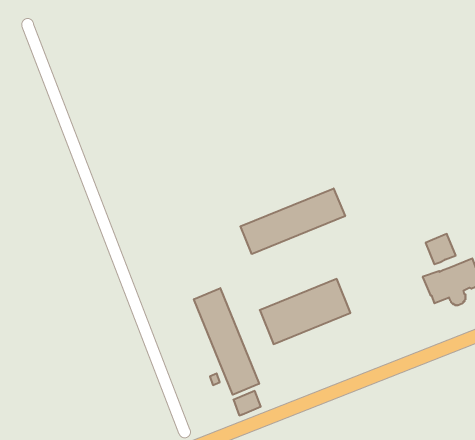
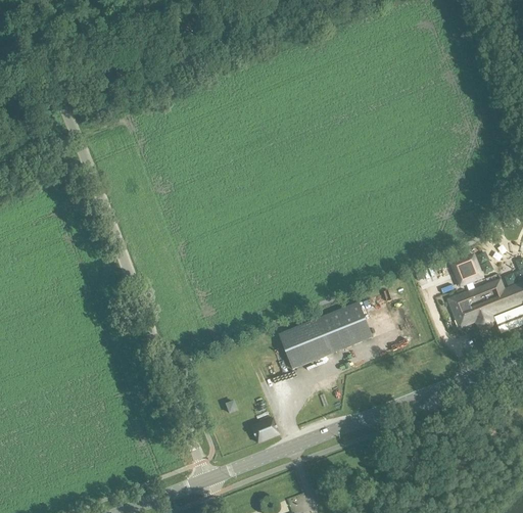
building: [240,188,345,254] -> none
building: [194,288,259,395] -> none

